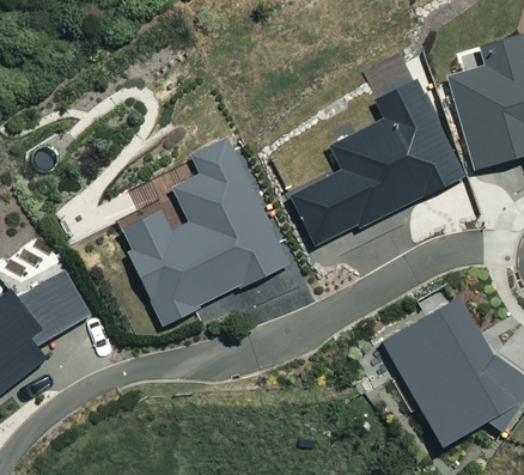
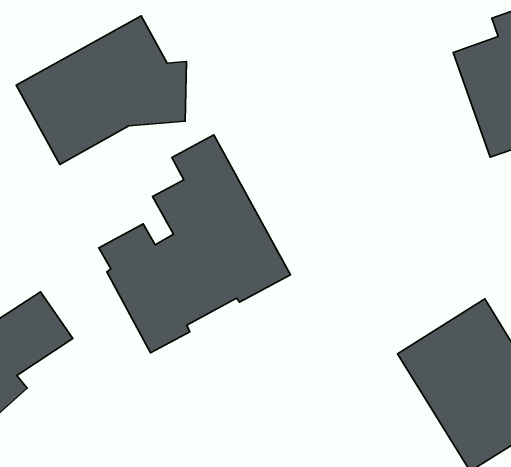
building: none -> [16,16,187,164]
building: [288,80,465,246] -> none

